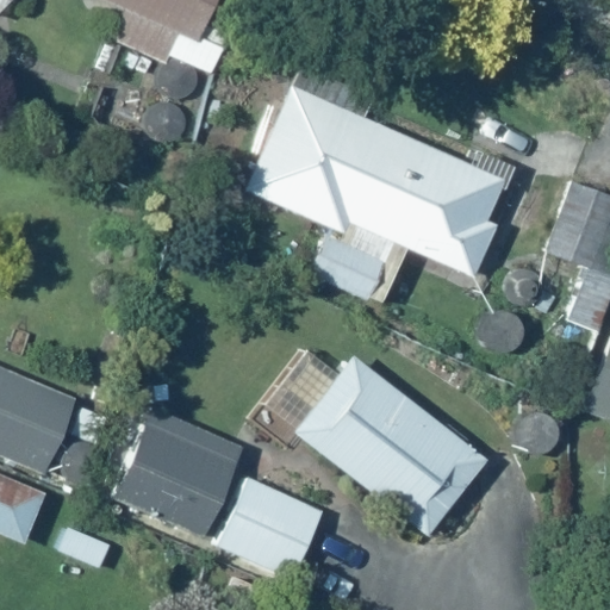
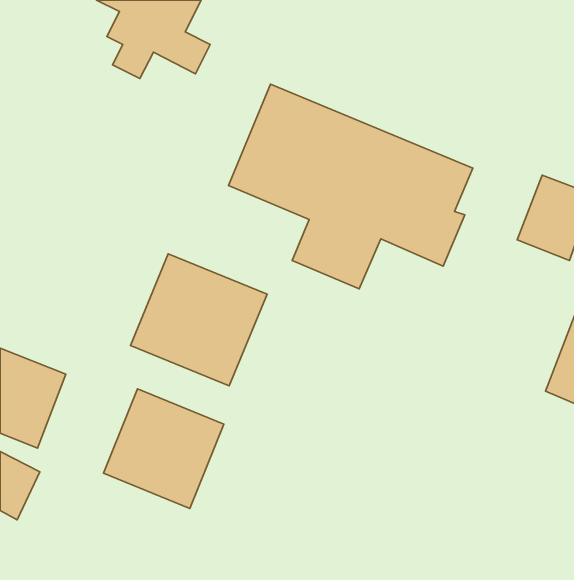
building: none -> [130,254,267,386]
building: [288,347,485,530] -> none
building: [216,474,325,578] -> none

